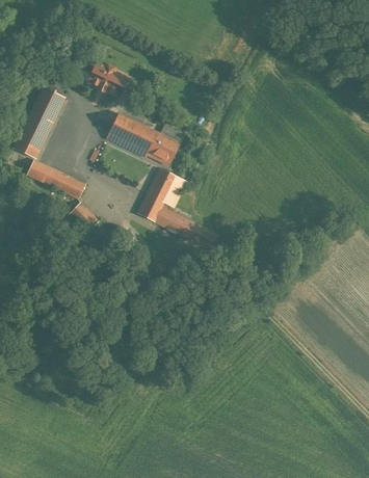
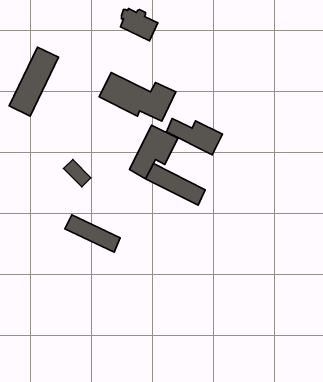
building: [89,63,128,97] -> [120,9,158,41]
building: [28,160,85,198] -> [65,215,120,252]
building: none -> [167,119,222,155]

